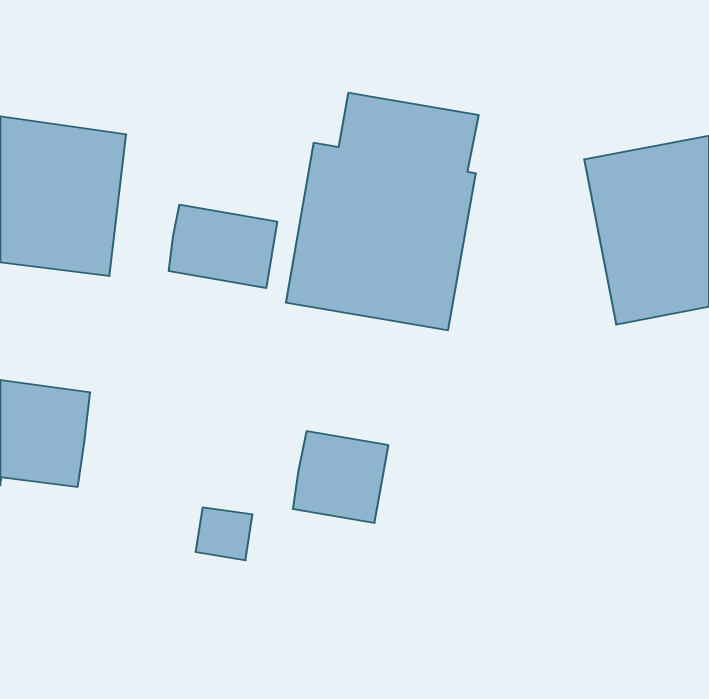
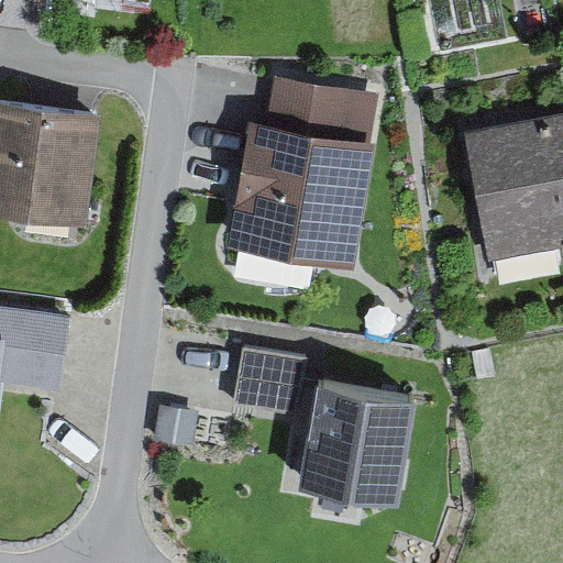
building: [169,205,277,288] -> none
building: none -> [298,385,416,506]

